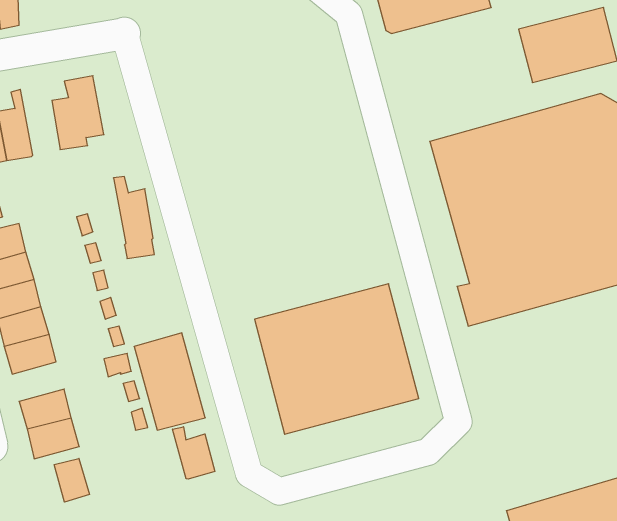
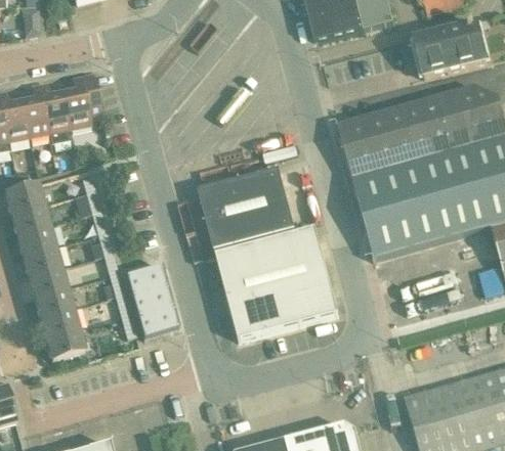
building: [113,177,154,259] -> [40,81,71,142]
building: none -> [198,167,293,250]
building: none -> [34,285,73,315]
building: [173,427,215,479] -> none
building: [54,458,90,502] -> none

